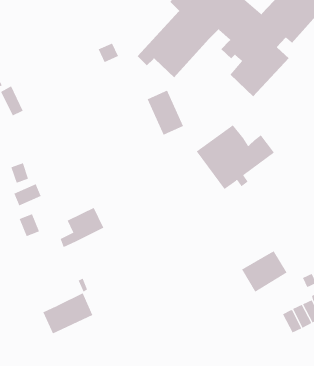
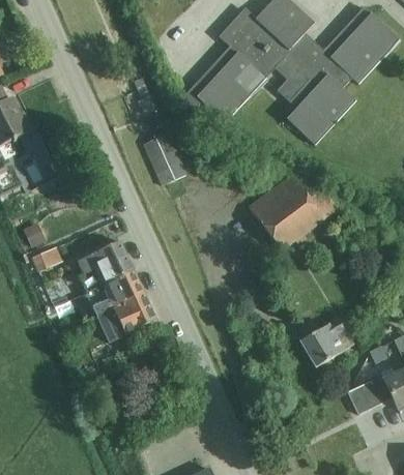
building: [147,90,184,135] -> [142,132,184,184]
building: none -> [76,241,132,286]
building: [42,292,93,334] -> [96,294,154,342]

